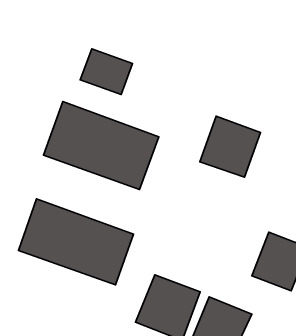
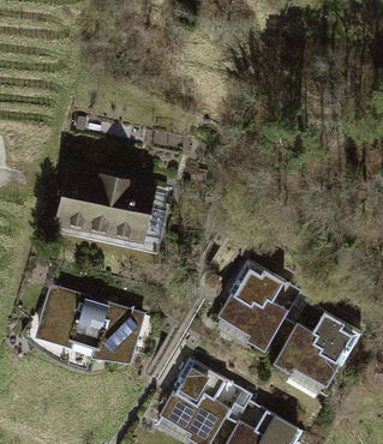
building: [80,49,132,94] -> none
building: [200,116,261,177] -> [234,266,306,338]

